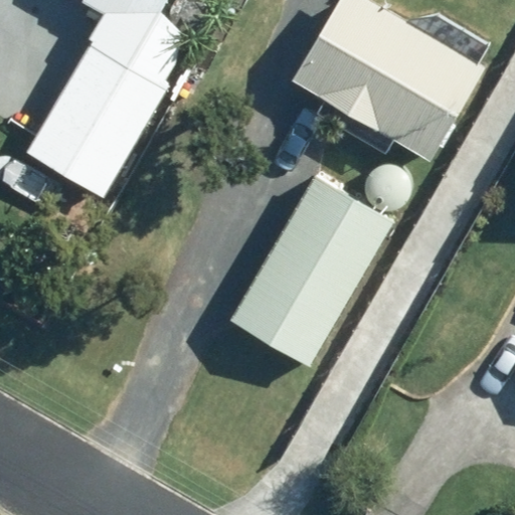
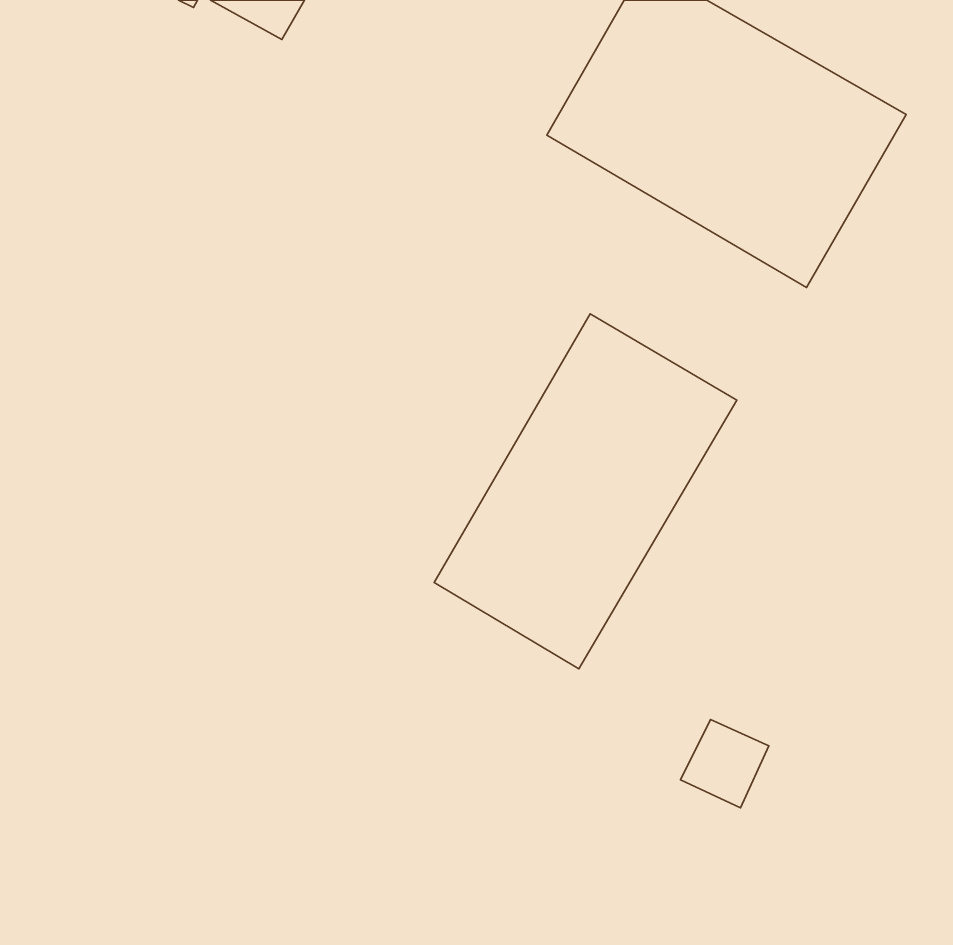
building: [28,43,162,192] -> none

